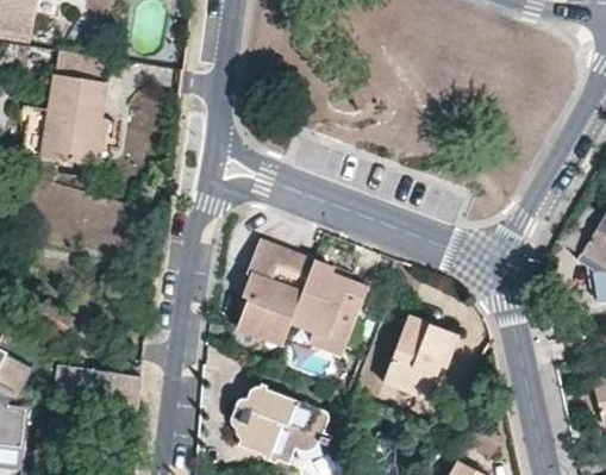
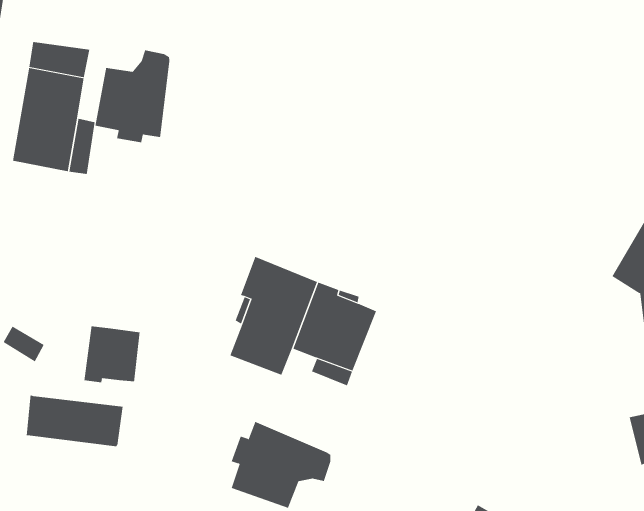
building: none -> [95,49,170,143]
building: none -> [84,325,140,383]
building: [381,315,457,400] -> none

